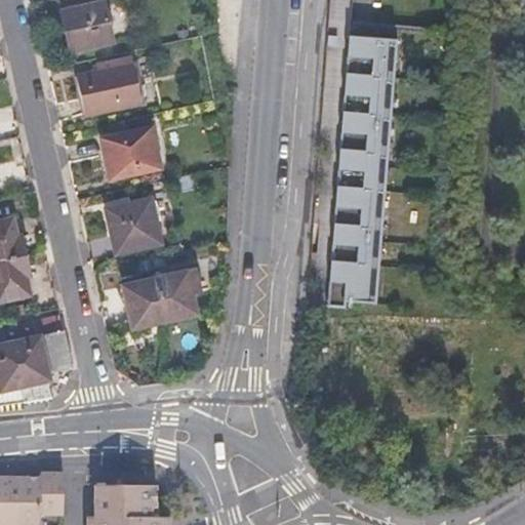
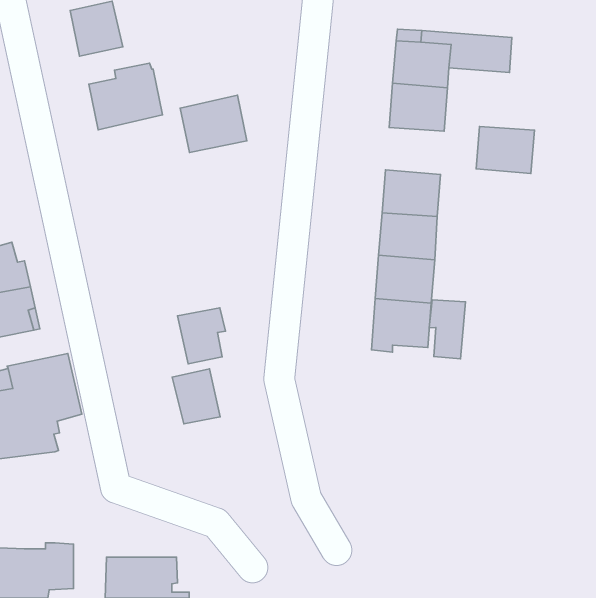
building: [338,112,390,153] -> [476,127,535,173]
building: [102,125,160,175] -> [180,95,247,152]
building: [107,196,160,250] -> none
building: none -> [429,300,465,359]
building: [123,277,165,325] -> [172,369,220,424]

